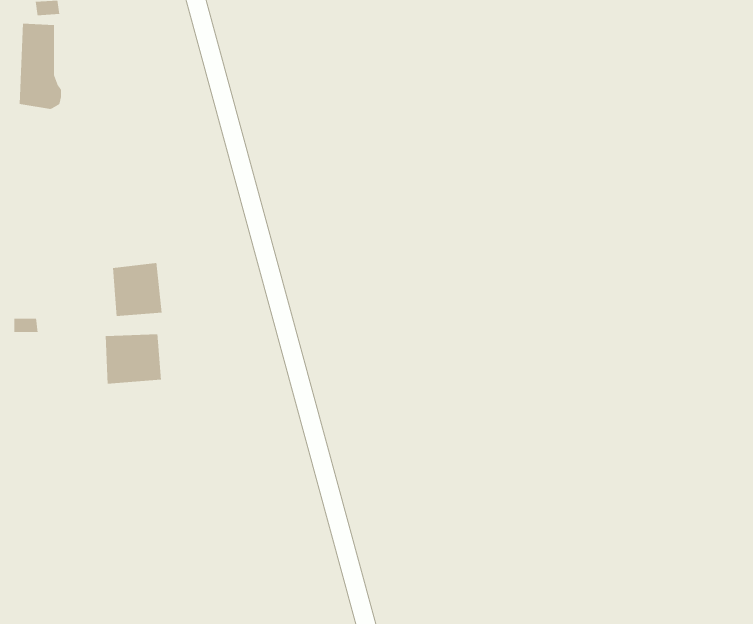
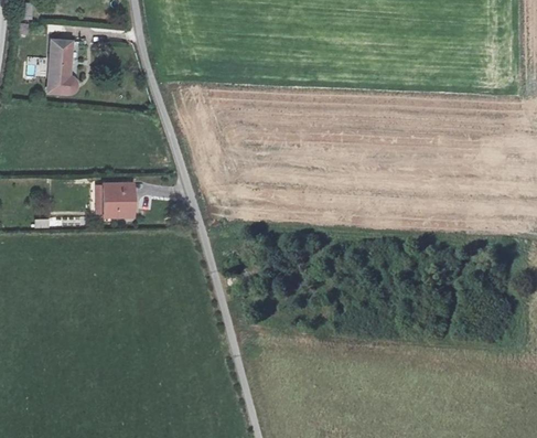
building: [105,333,161,384] -> none

